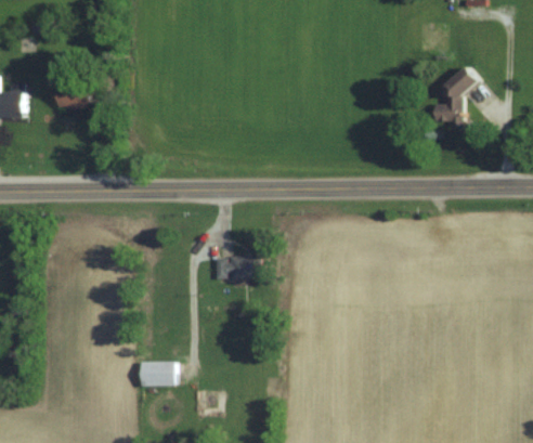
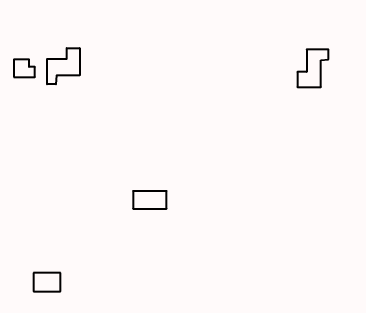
building: none -> [47,48,80,84]
building: [143,362,178,386] -> [34,273,60,291]

